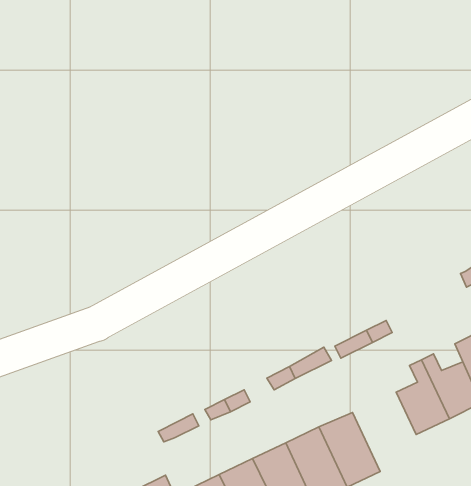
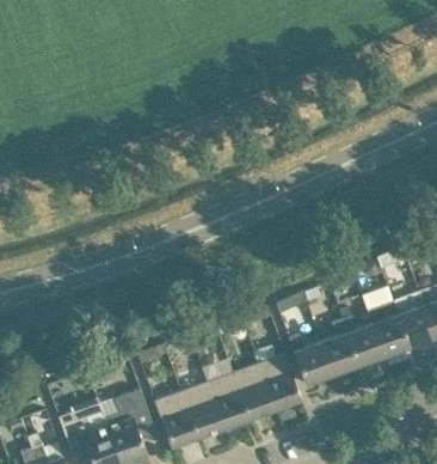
building: none -> [289,335,332,385]

